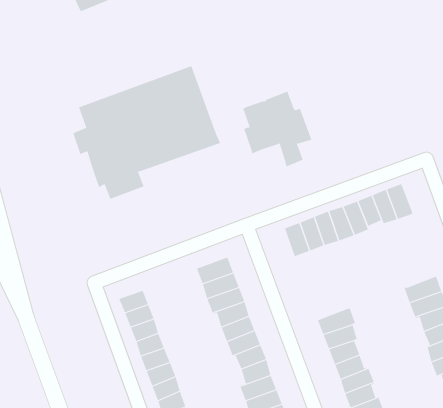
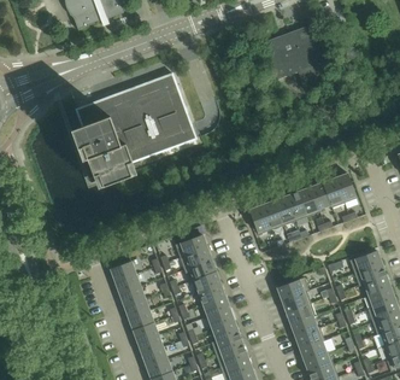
building: [242,91,312,167] -> [266,27,325,90]

